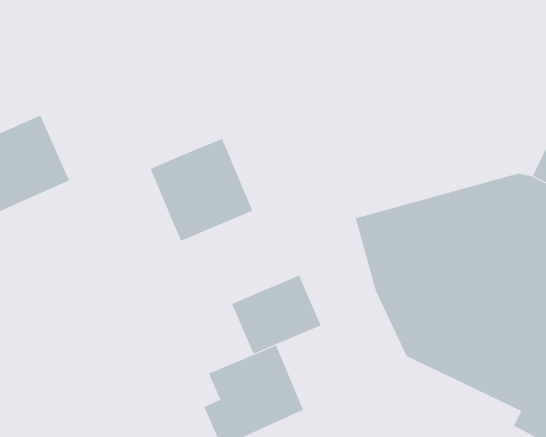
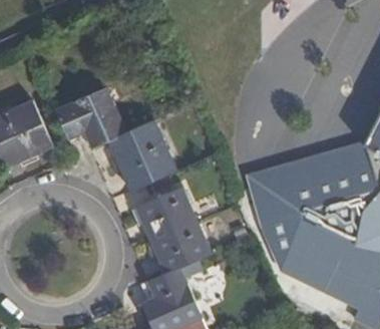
building: none -> [52,85,125,149]
building: none -> [146,181,208,233]

